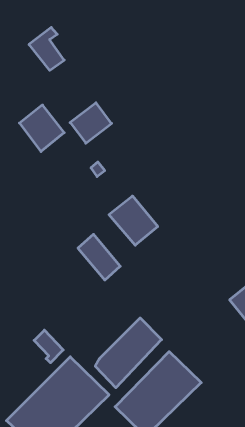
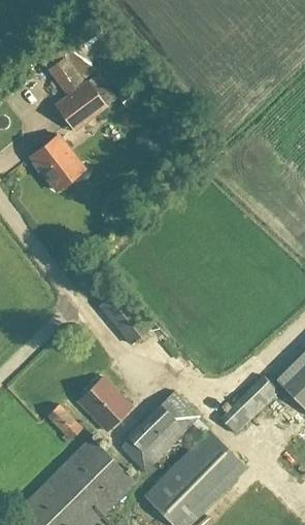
building: [70,103,112,143] -> [57,83,106,131]
building: [109,196,158,245] -> none
building: none -> [219,375,279,435]
building: none -> [76,381,130,435]

